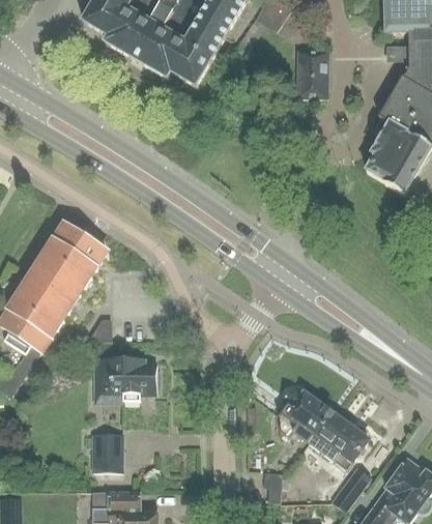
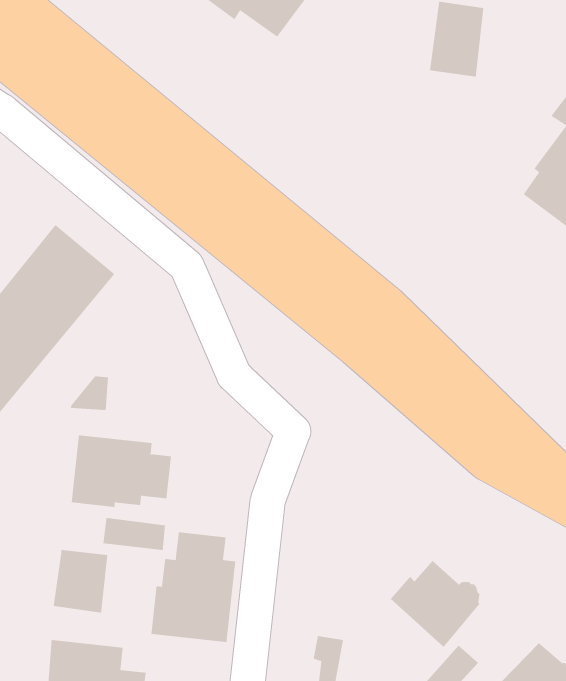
building: [280,387,334,441] -> none
building: none -> [103,517,166,551]
building: none -> [151,531,236,643]

